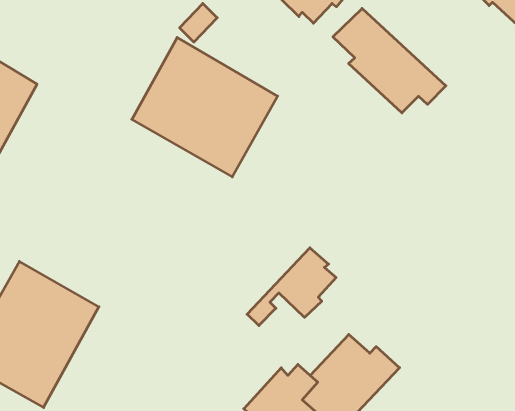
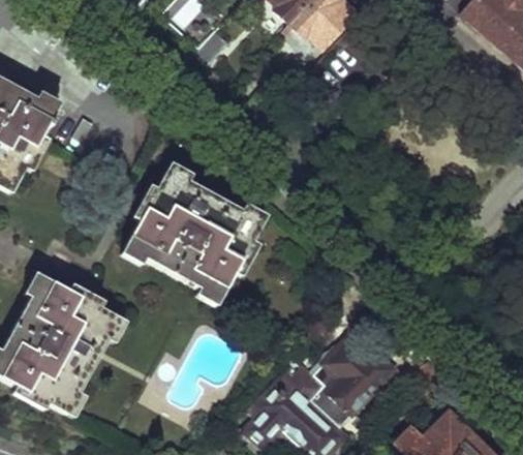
building: [333,8,446,113] -> none
building: [132,37,278,177] -> [126,168,263,298]
building: [247,248,336,326] -> none

